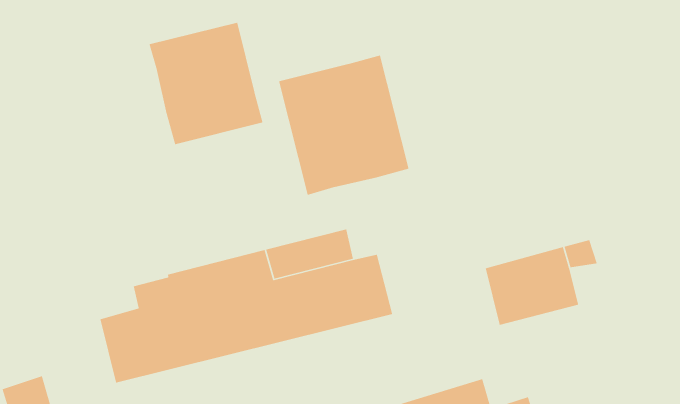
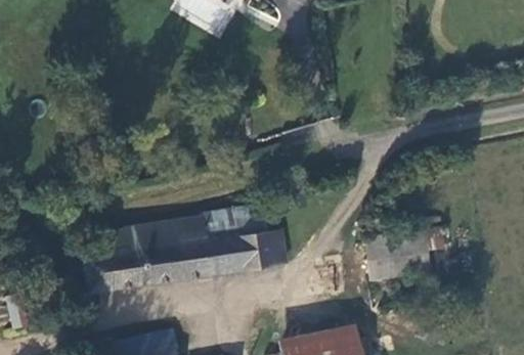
building: [148,22,264,145] -> none
building: [278,54,409,196] -> none

